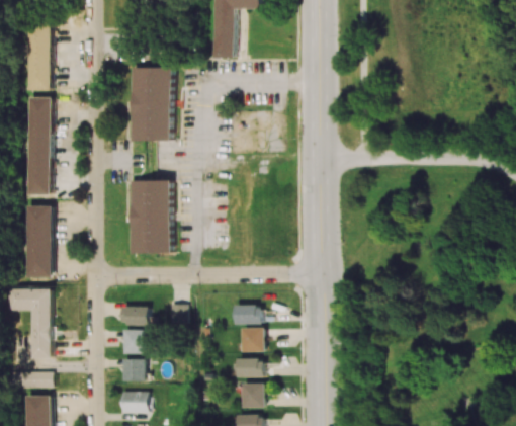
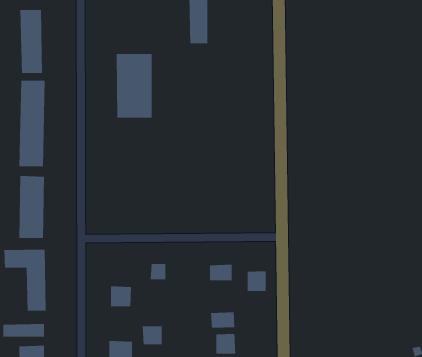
building: [131,180,172,253] -> none
building: [122,306,151,325] -> none
building: [243,327,265,351] -> [247,270,266,292]
building: [123,358,147,380] -> [142,325,163,345]

